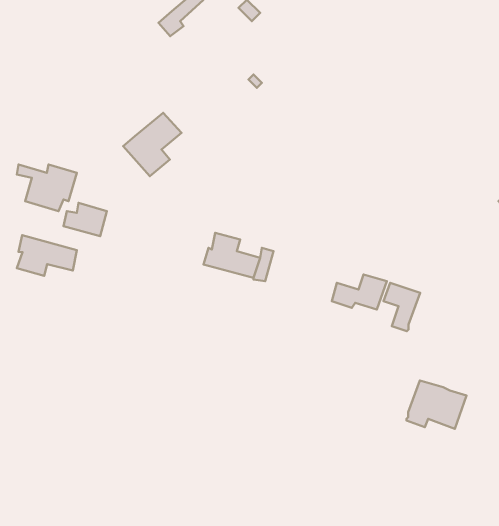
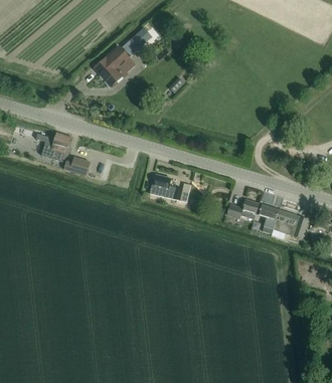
building: [123,113,181,176] -> [95,46,130,84]
building: [17,235,77,276] -> none
building: [407,380,467,429] -> [272,209,308,238]

